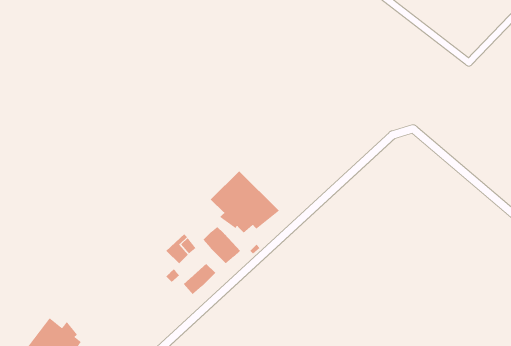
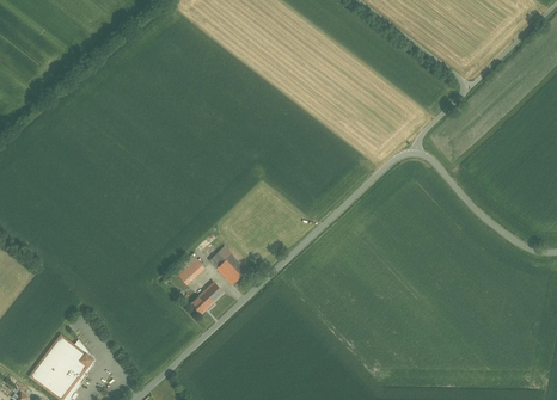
building: [210,170,280,233] -> none

